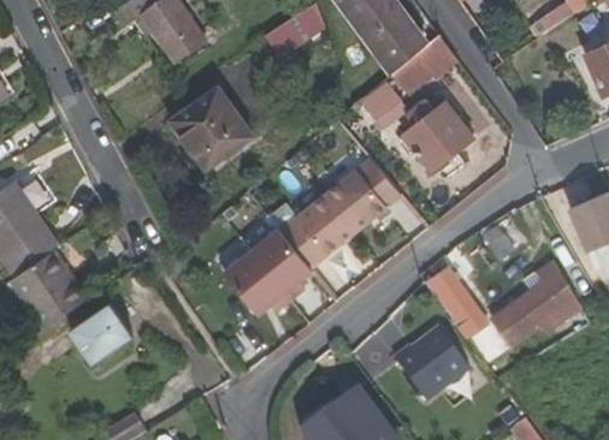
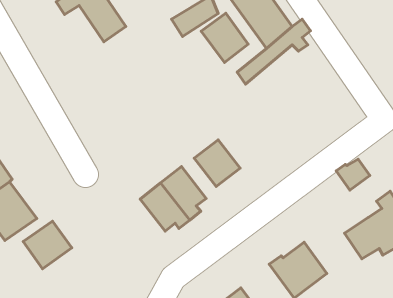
building: none -> [201,13,248,62]
building: [172,87,254,167] -> none
building: [396,101,471,170] -> none
building: [327,170,386,231] -> none
building: [426,268,487,337] -> none

